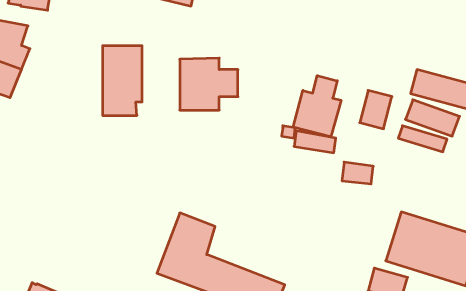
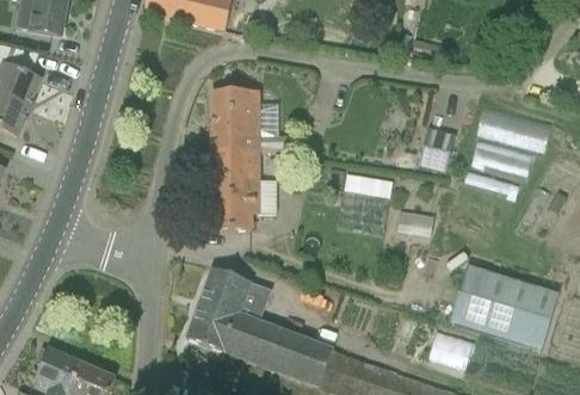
building: [103,46,142,115] -> [212,148,258,228]
building: [293,76,341,137] -> none

